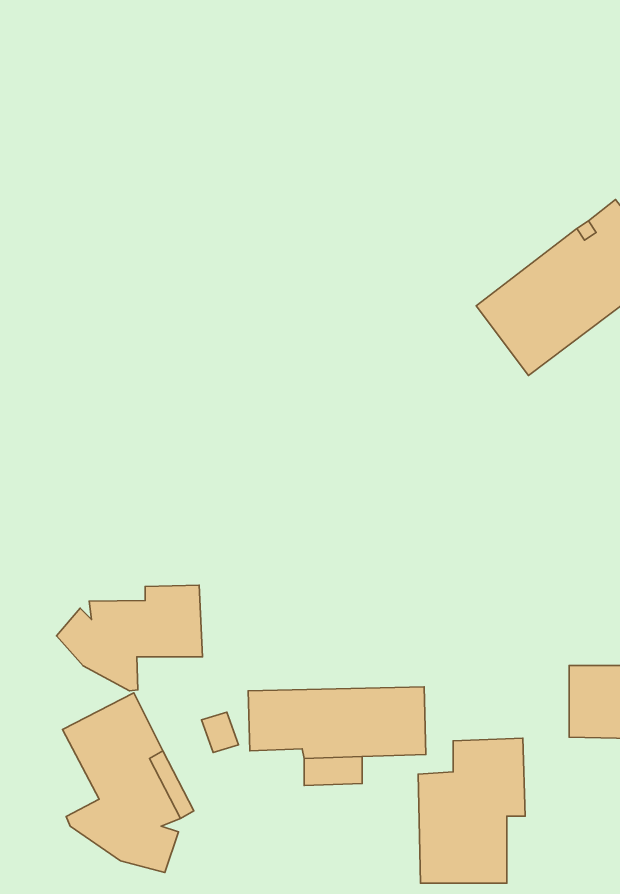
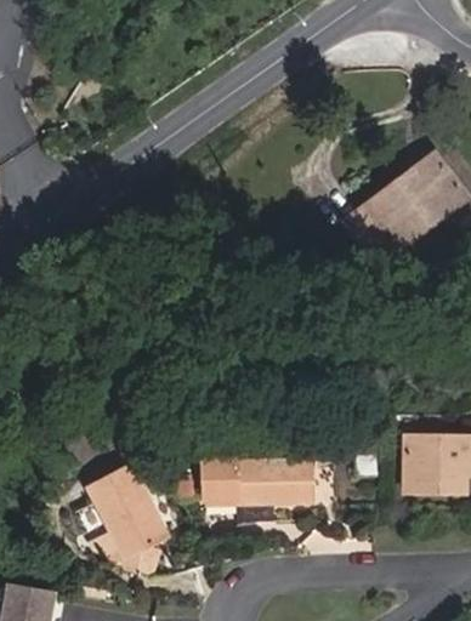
building: [56,585,202,691] -> none
building: [418,738,525,883] -> none

